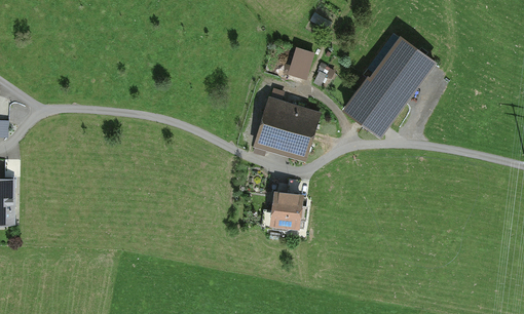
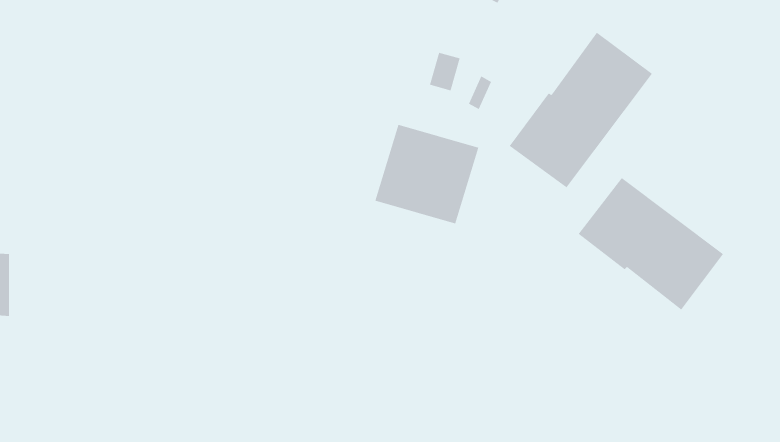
building: none -> [578,177,724,310]
building: [271,193,301,225] -> none

